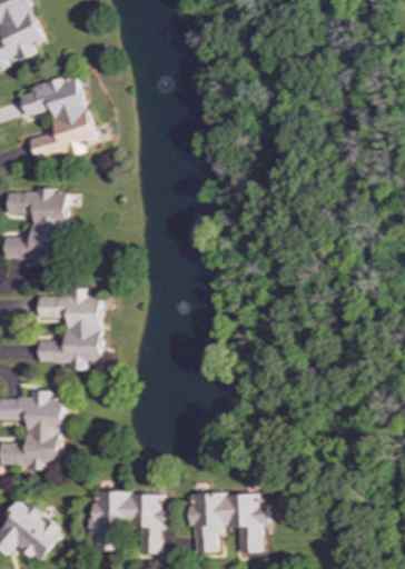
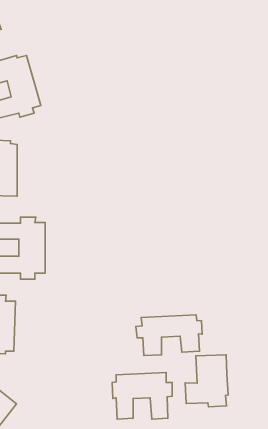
building: none -> [136,315,202,356]
building: none -> [185,355,228,407]
building: [87,490,167,552] -> none

